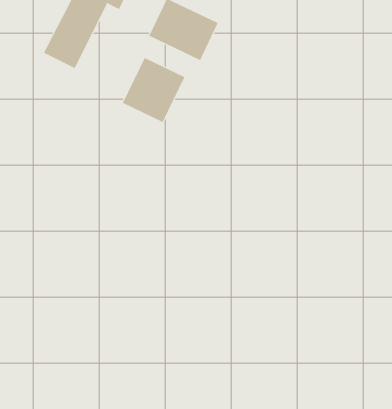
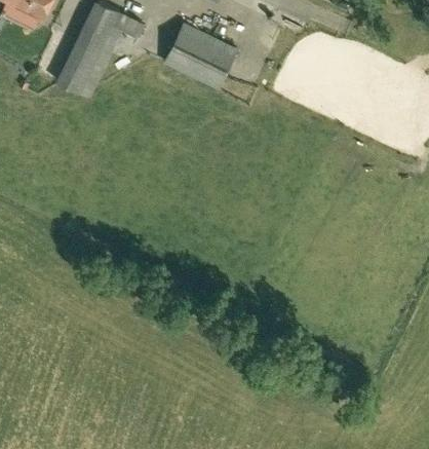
building: [122,57,185,123] -> none

